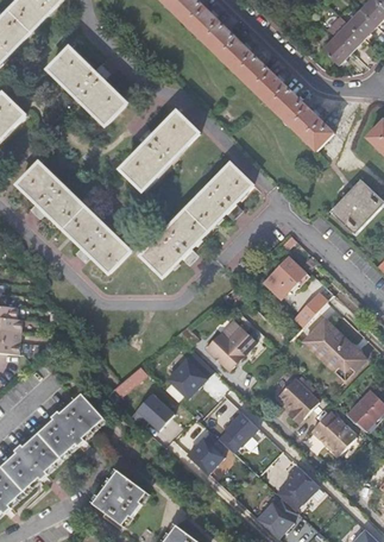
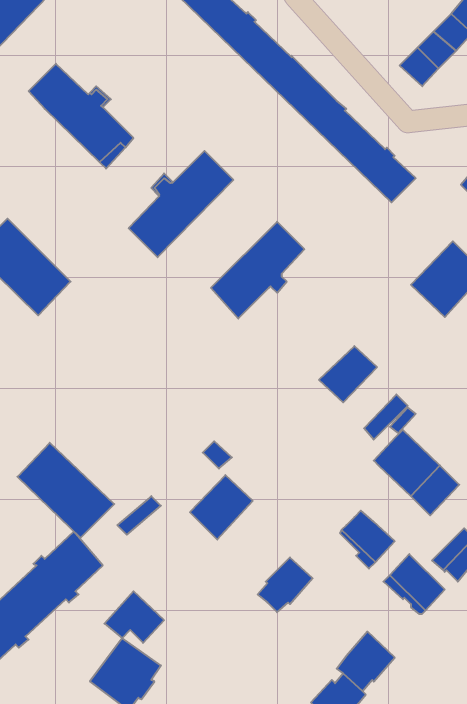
building: [56,208,127,278] -> [17,443,114,538]
building: [141,213,203,276] -> none
building: [206,326,257,370] -> none
building: [130,392,174,430] -> [104,591,164,643]
building: [188,431,225,473] -> none

